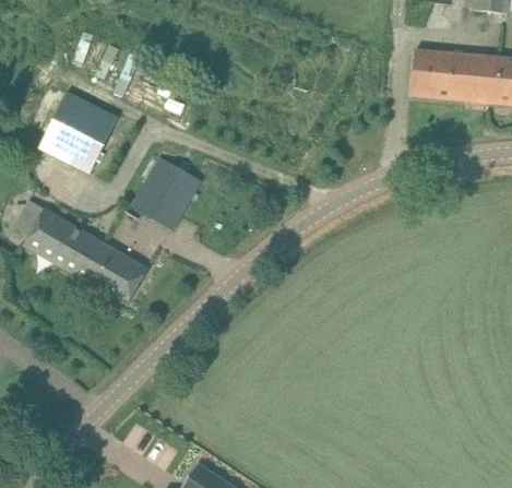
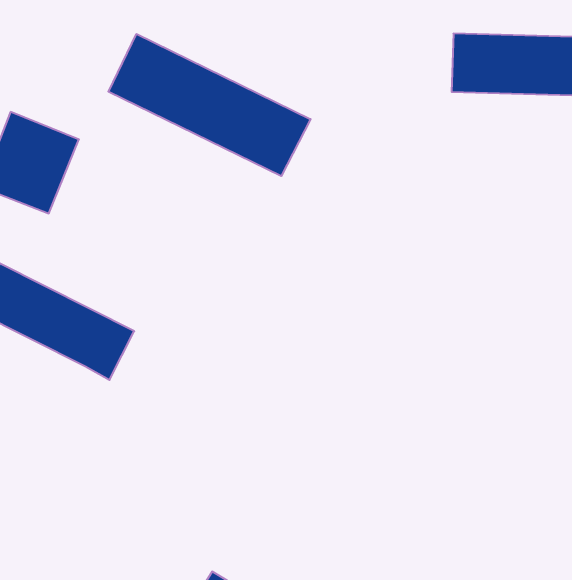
building: none -> [108,34,311,176]
building: [130,158,200,230] -> none

